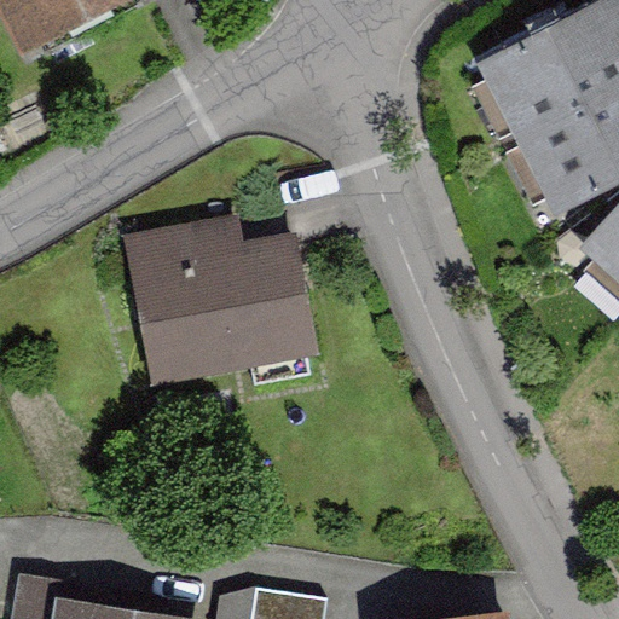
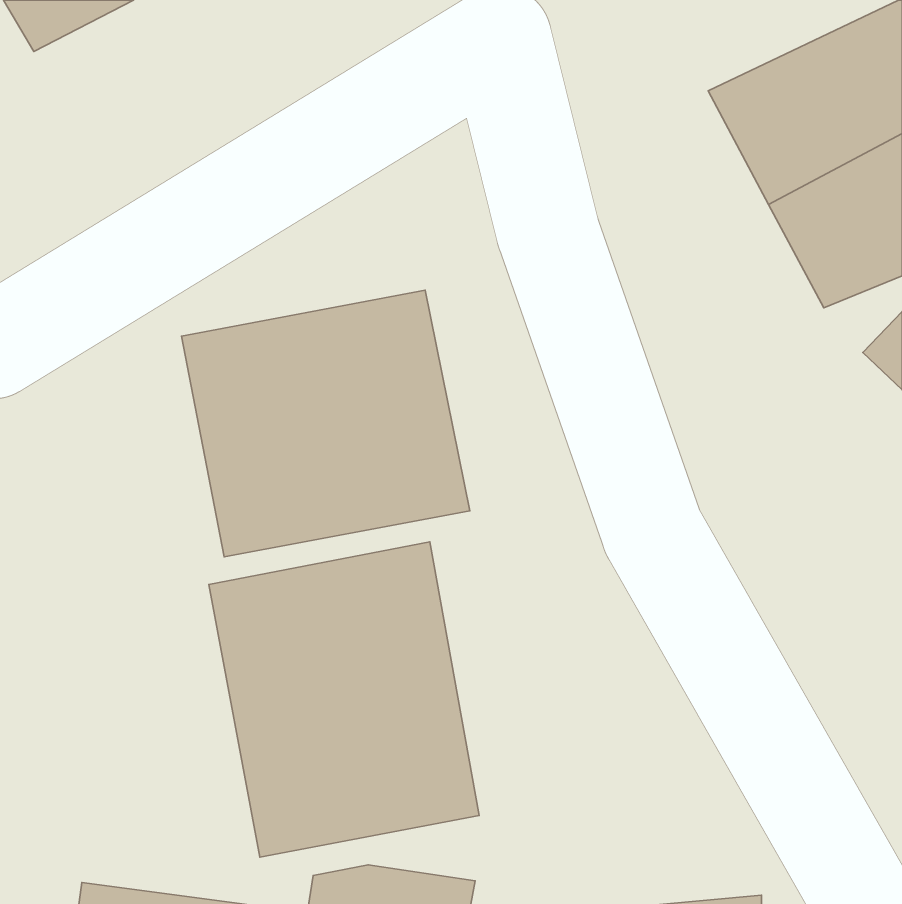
building: none -> [209,542,479,857]

